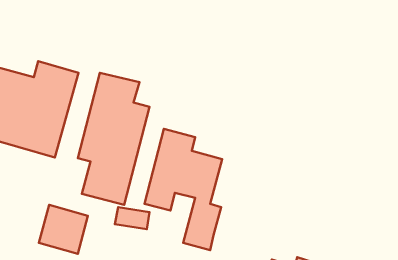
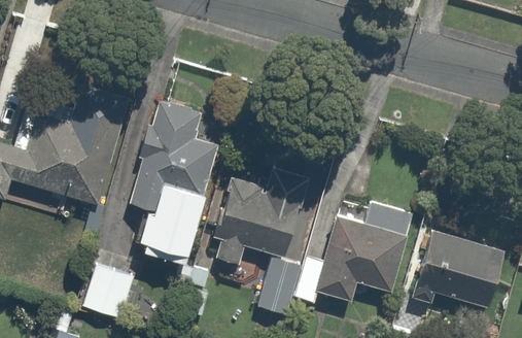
building: none -> [294,200,417,304]
building: none -> [412,229,507,309]

